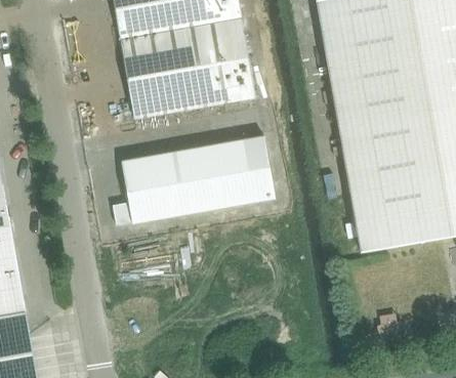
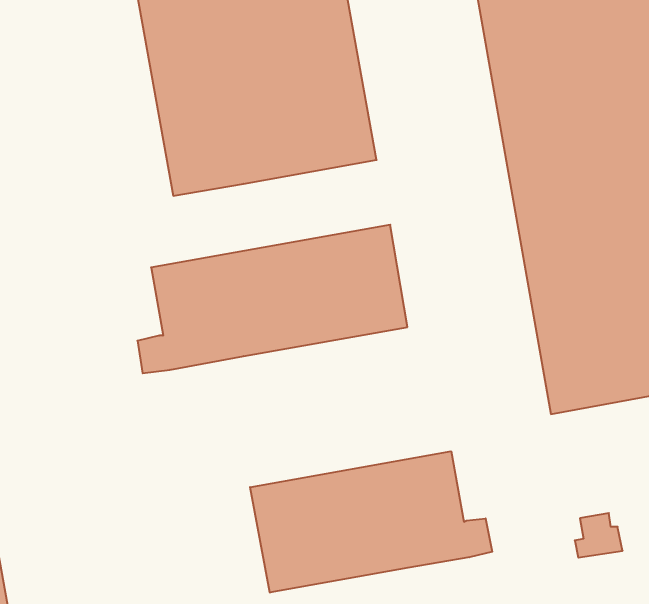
building: none -> [250,451,492,593]

